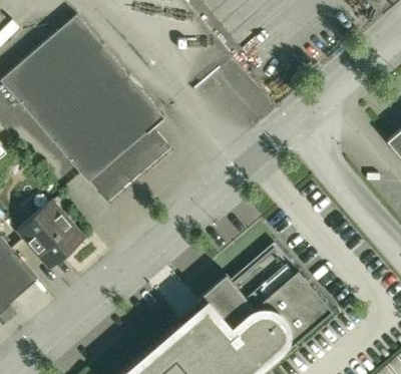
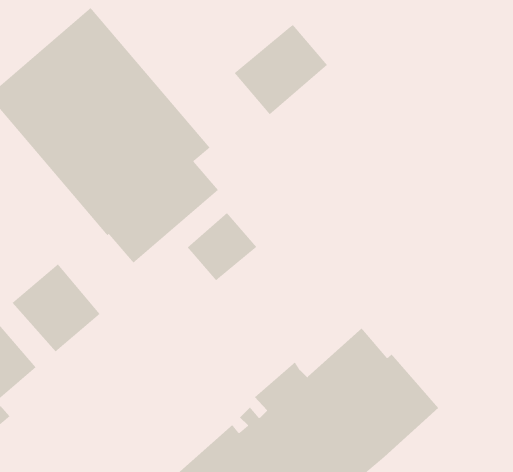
building: none -> [234,24,328,115]
building: none -> [187,212,257,281]

